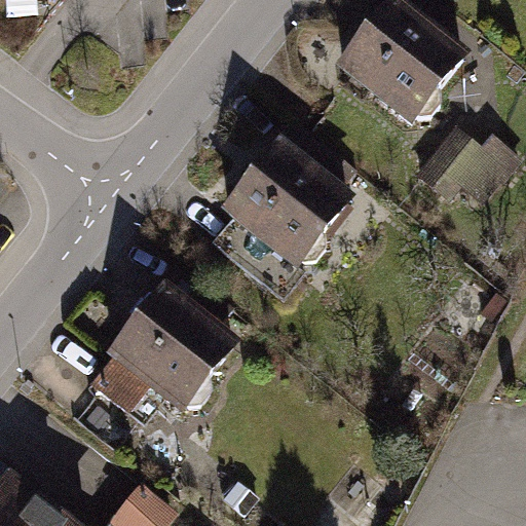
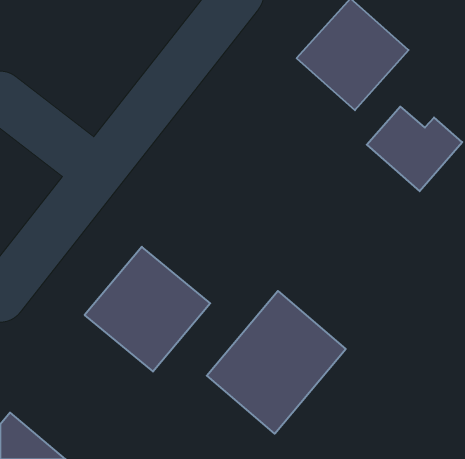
building: [222,144,348,268] -> none
building: none -> [207,291,346,434]

